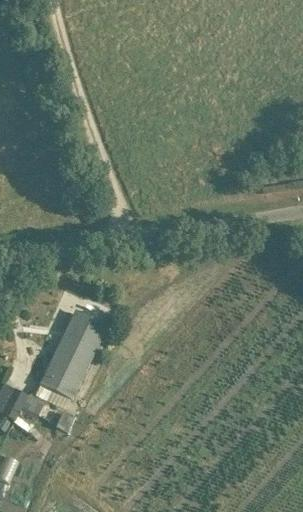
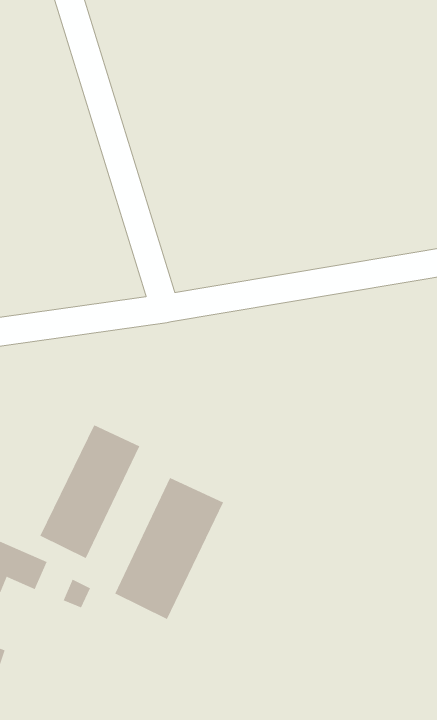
building: none -> [115,477,224,620]

